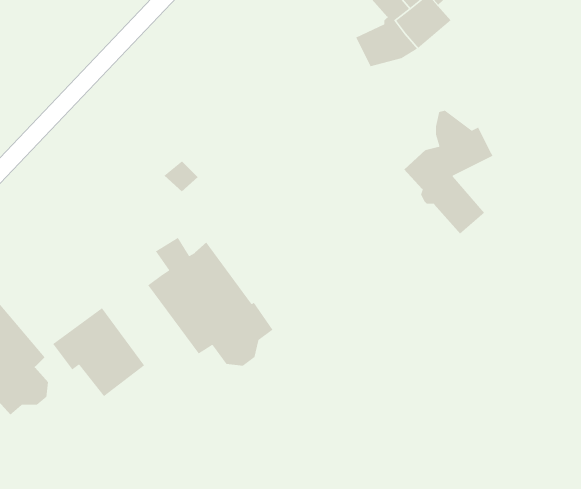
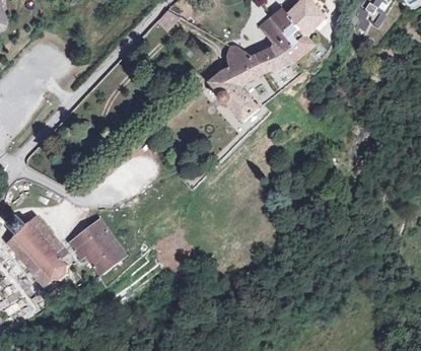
building: [404,110,494,235] -> [208,44,263,120]
building: [147,237,273,367] -> none

